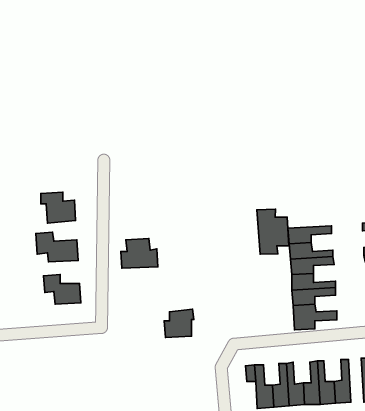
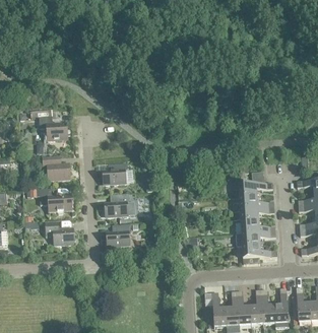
building: none -> [39,115,67,139]
building: none -> [104,161,127,183]
building: [257,209,289,254] -> none
building: [164,309,194,337] -> [108,222,131,245]

